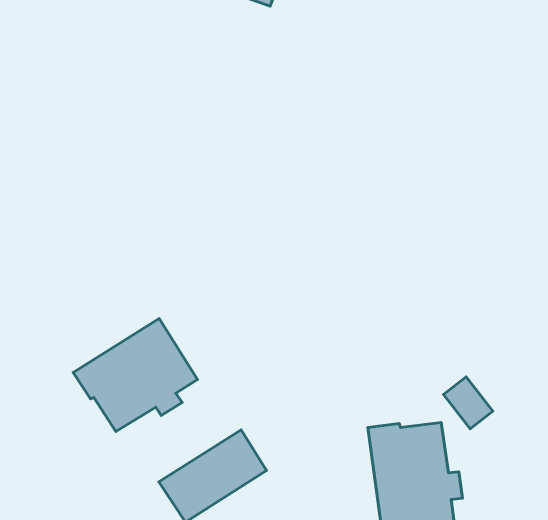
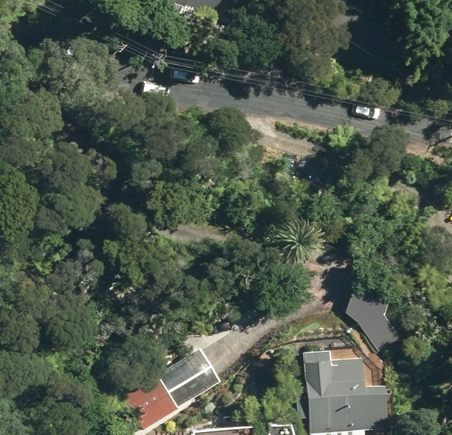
building: [73,318,197,432] -> none

